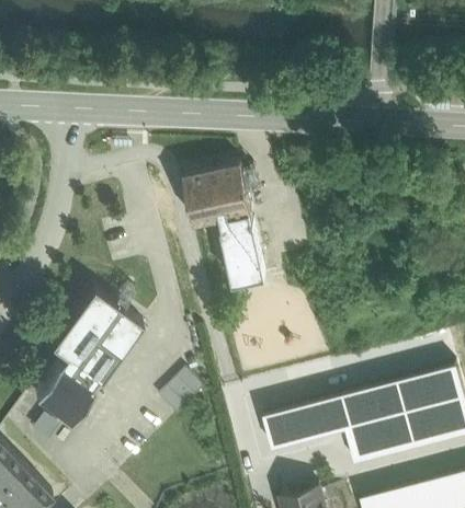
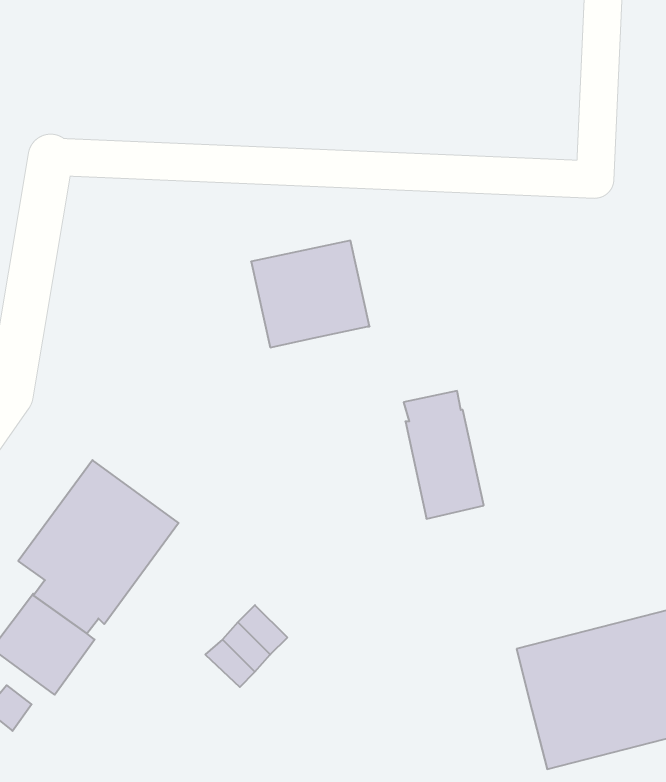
building: [220,210,266,284] -> [404,391,484,519]
building: [263,395,345,450] -> none

